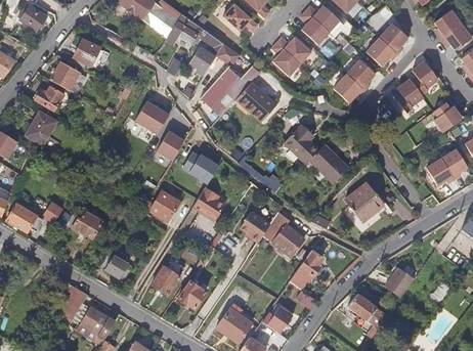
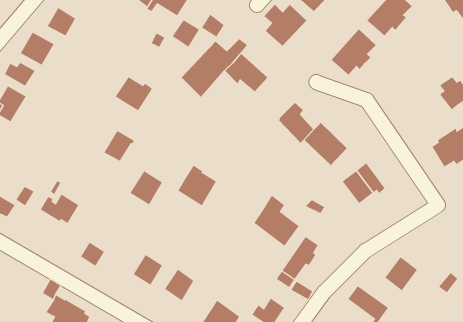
building: [397,60,438,111] -> none
building: [156,129,184,158] -> [103,130,135,161]
building: [184,152,219,183] -> none
building: [241,211,271,242] -> none

